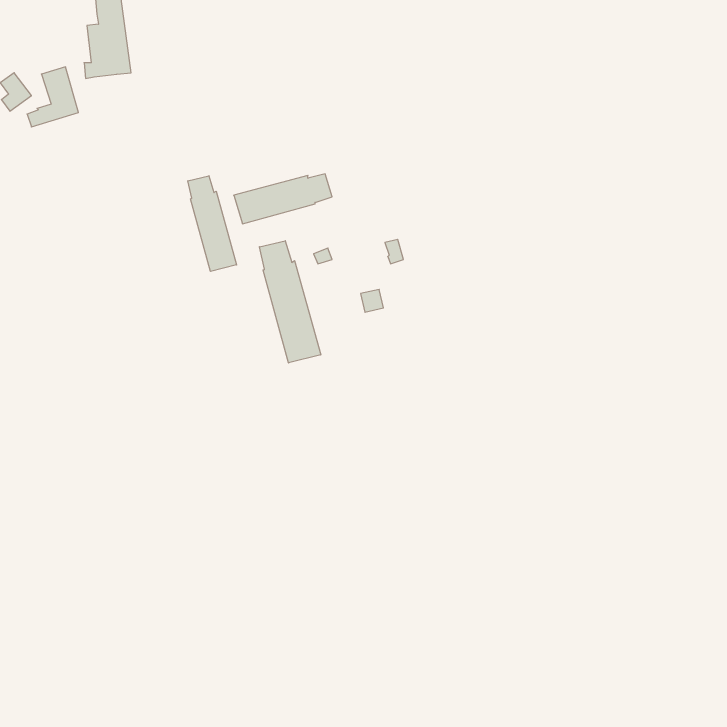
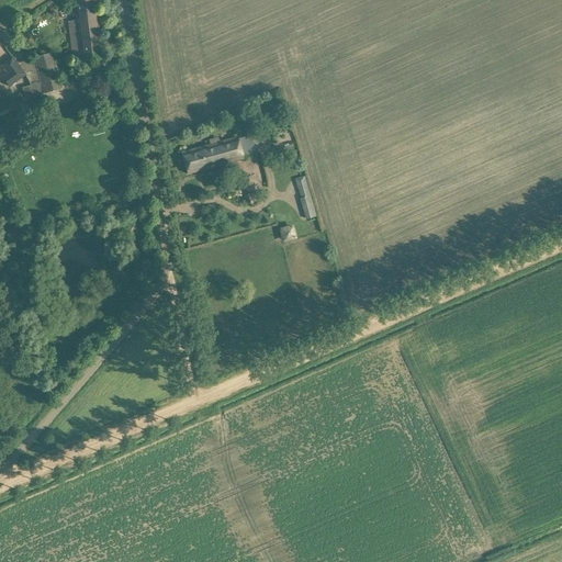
building: [188,176,237,271] -> none
building: [259,241,321,363] -> none

